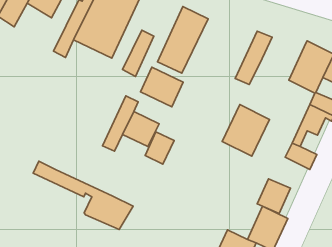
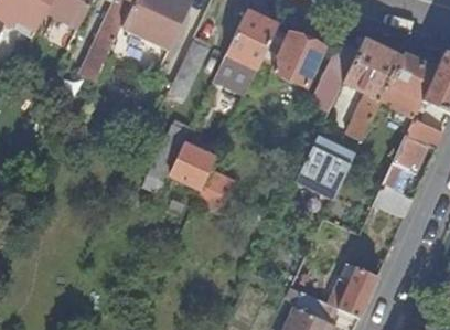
building: none -> [272,32,324,86]
building: none -> [343,38,401,139]
building: [140,67,183,107] -> none
building: [33,161,133,229] -> none
building: [257,179,290,213] -> none

